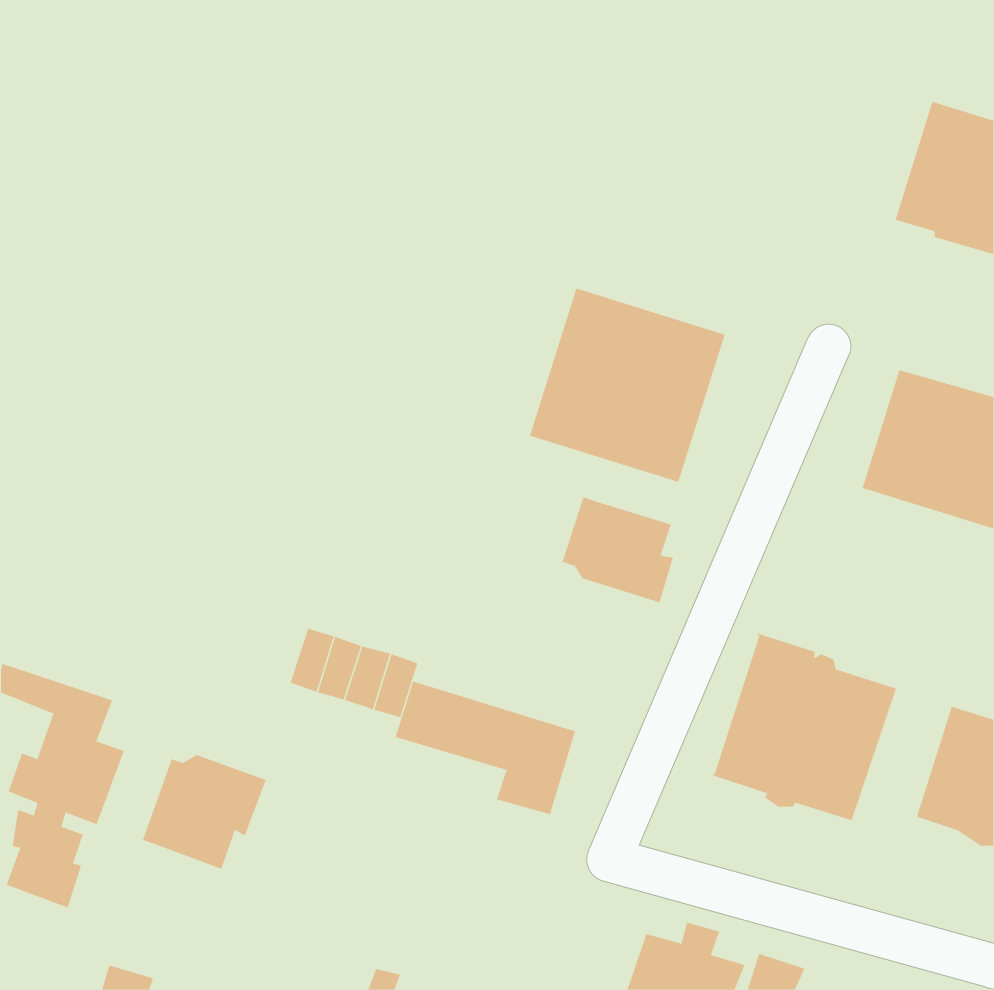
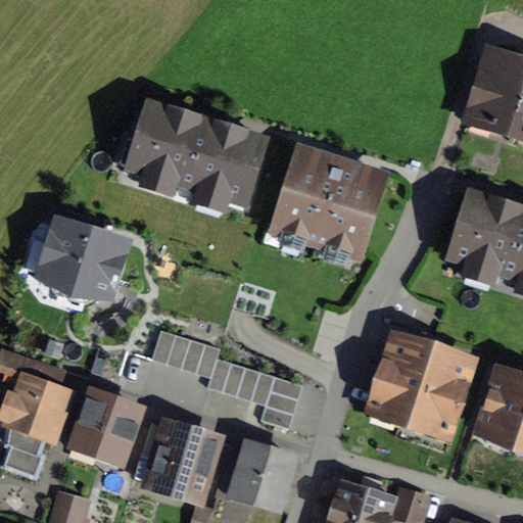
building: none -> [121,105,263,203]
building: none -> [25,224,125,295]
building: [562,496,673,603] -> none
building: none -> [135,423,225,495]
building: none -> [216,443,294,505]

